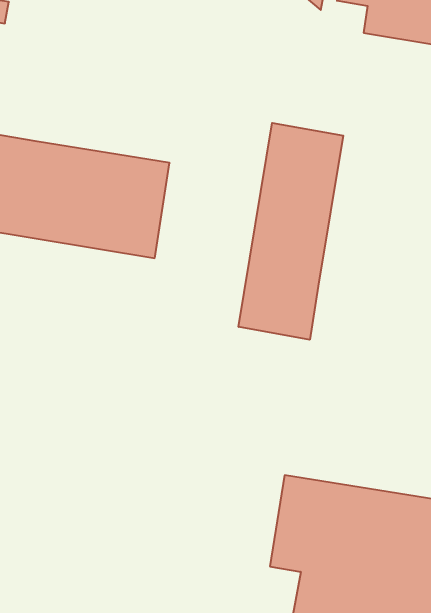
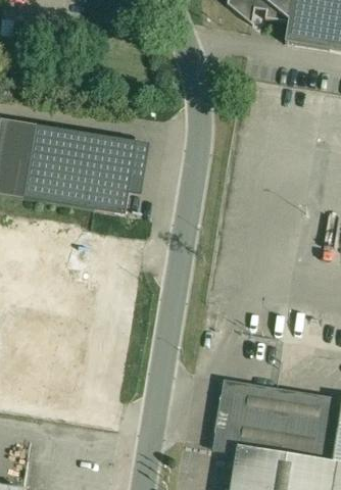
building: [239,123,343,340] -> none

